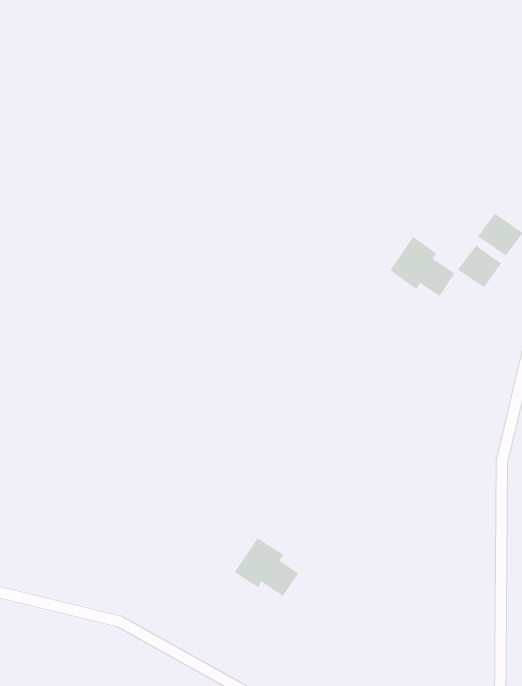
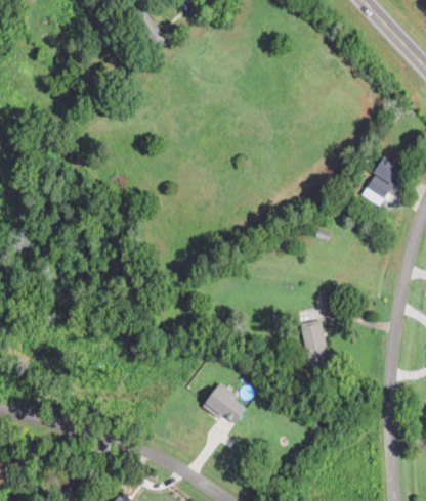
building: [389,236,455,297] -> none
building: none -> [302,326,326,354]

